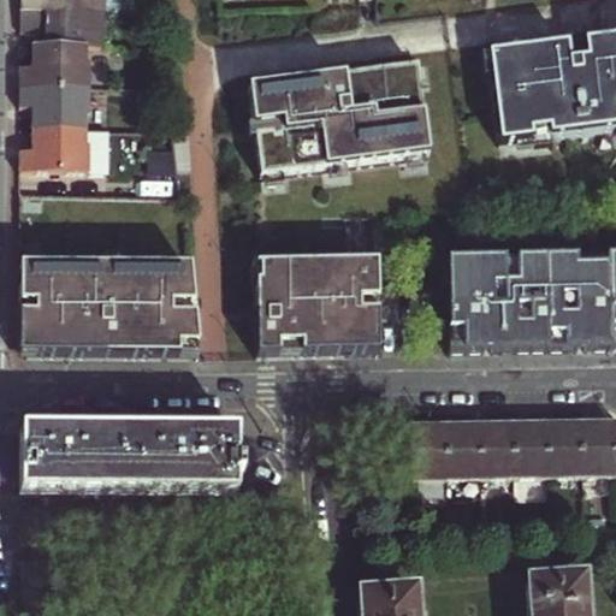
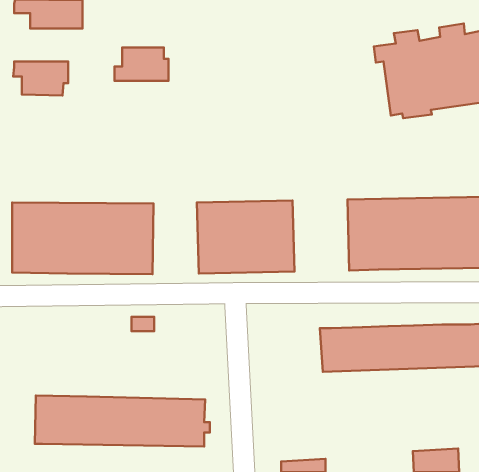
building: [24,36,93,78] -> [114,48,168,81]
building: [236,60,430,189] -> none
building: [23,120,91,165] -> none
building: [24,420,247,485] -> [35,396,210,447]

